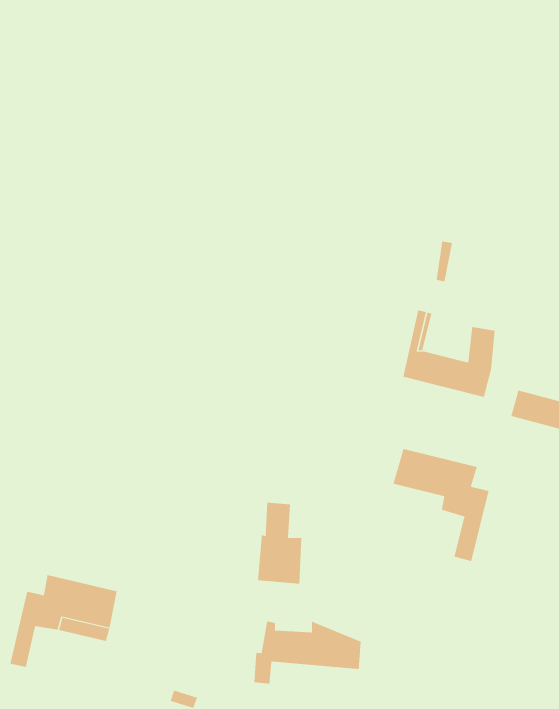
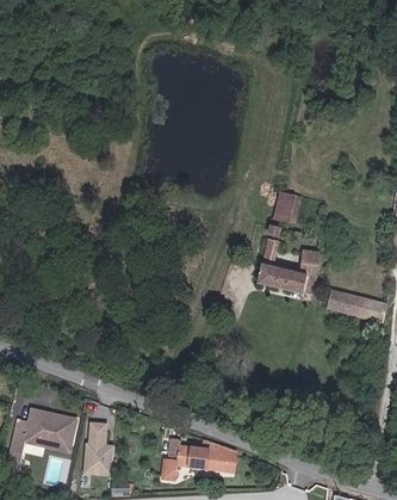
building: [393,448,489,562] -> none
building: [257,502,302,584] -> [85,422,113,475]

